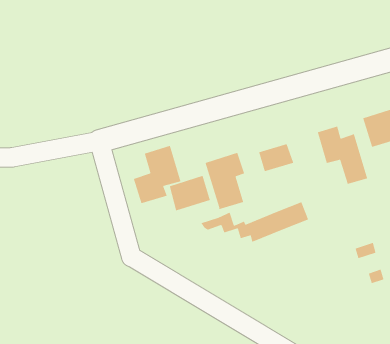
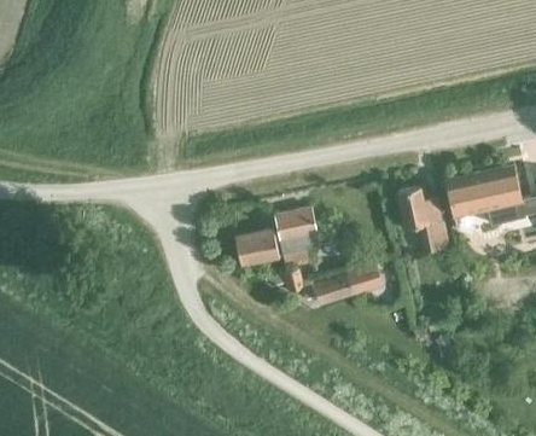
building: [258,143,294,172] -> none
building: [133,145,181,204] -> none

